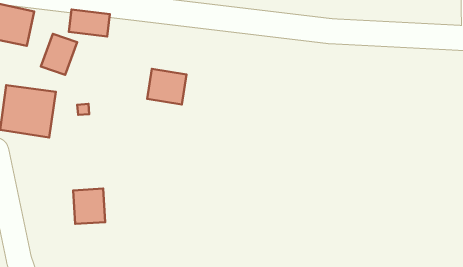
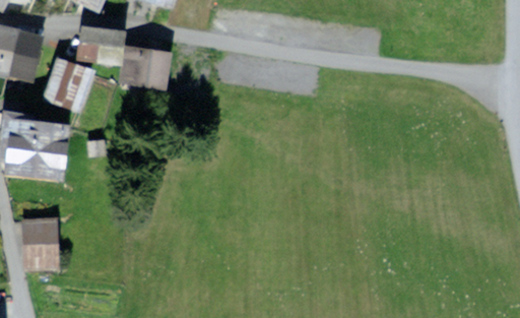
building: [147,69,186,104] -> [126,48,169,86]
building: [73,189,105,224] -> [23,222,58,261]

